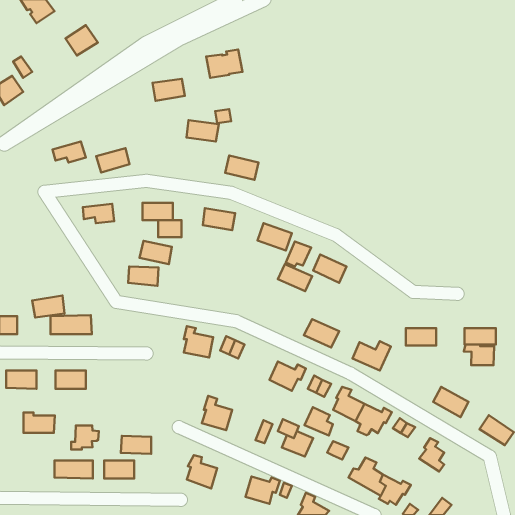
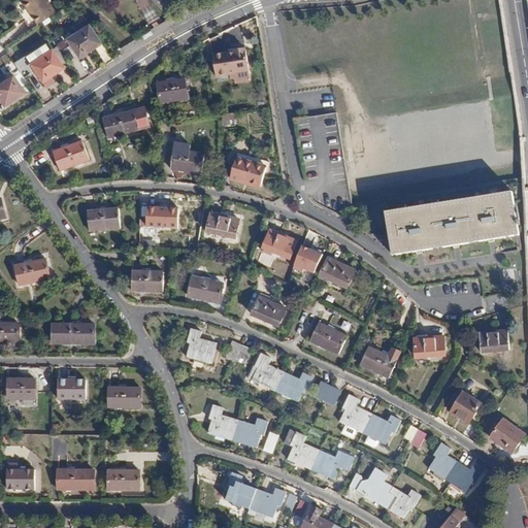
building: none -> [30,43,63,87]
building: [186,120,219,141] -> [169,151,202,172]
building: [96,148,129,172] -> [103,111,137,136]
building: none -> [384,193,518,255]
building: [158,220,182,237] -> none
building: [140,241,172,264] -> [192,279,225,303]
building: [278,264,312,291] -> [251,296,286,324]
building: [32,295,65,318] -> [10,259,43,282]
building: none -> [253,352,284,388]
building: [464,344,494,365] -> none
building: [305,407,333,435] -> [311,448,340,476]
building: none -> [231,419,266,448]
building: [24,412,55,433] -> [5,467,37,488]
building: [71,426,99,449] -> none
building: [121,436,151,454] -> [107,386,138,404]
building: none -> [449,462,480,492]
building: [187,455,217,488] -> [226,473,257,507]

